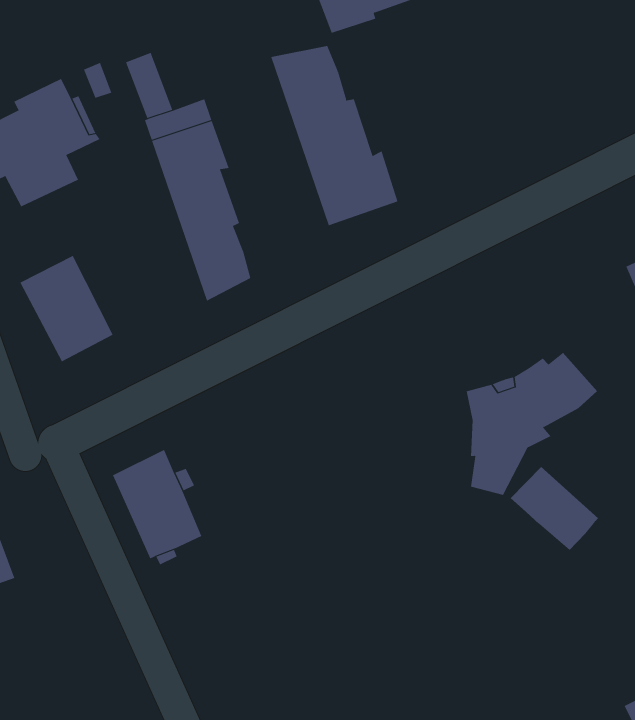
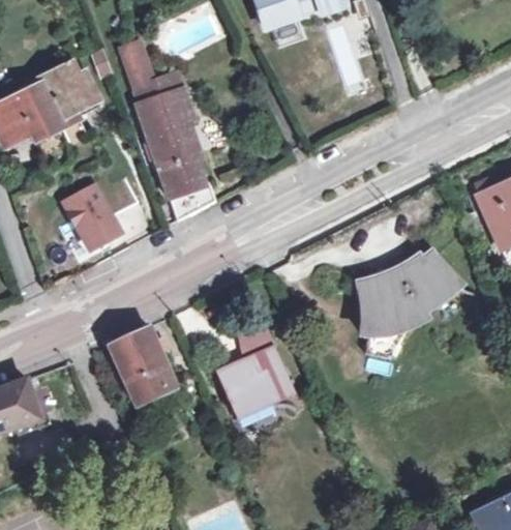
building: [270,45,398,226] -> none
building: none -> [222,331,294,413]
building: [510,466,599,551] -> none

